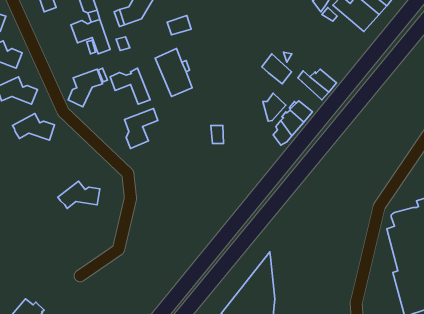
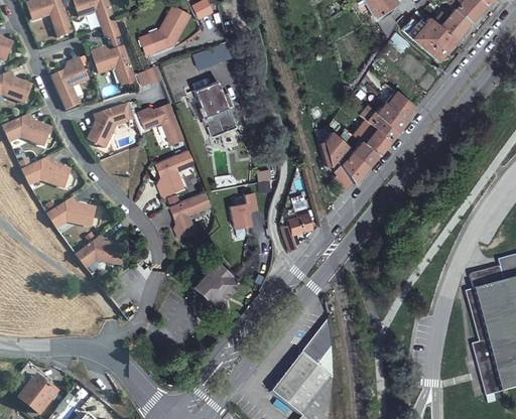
building: none -> [52,57,90,110]
building: [262,54,292,84] -> [353,119,388,154]
building: none -> [386,93,415,120]
building: none -> [169,192,211,241]
building: none -> [229,193,256,230]
building: none -> [48,197,97,229]
building: none -> [281,208,310,251]
building: none -> [194,263,236,307]

